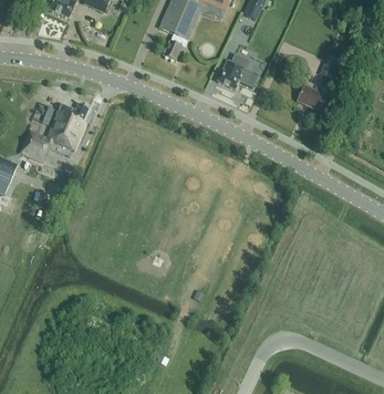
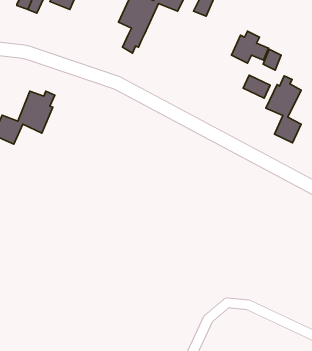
building: [217,55,258,91] -> [232,31,268,63]
building: none -> [266,76,301,143]

